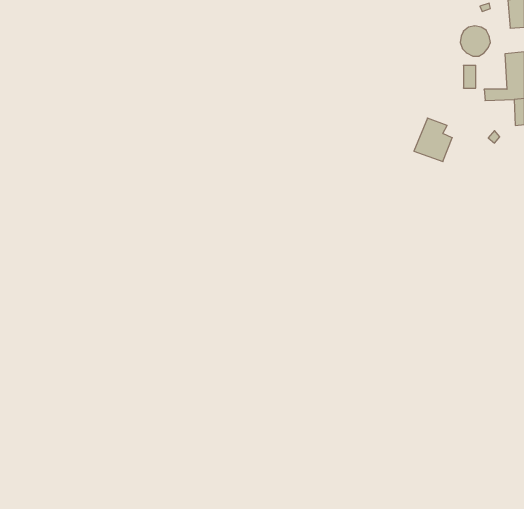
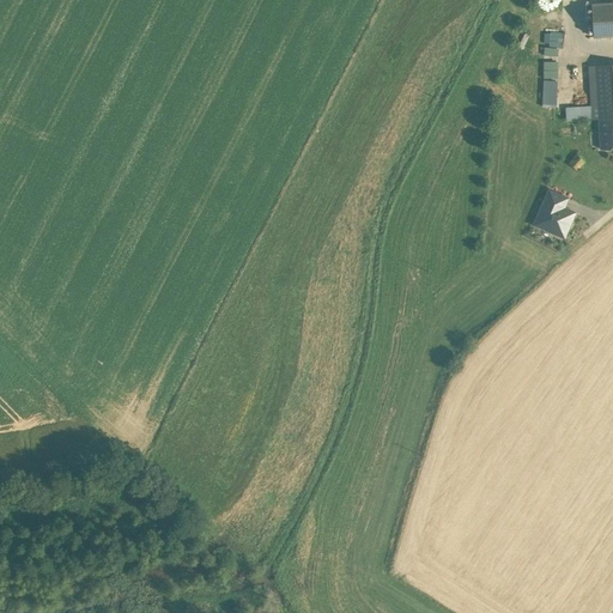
building: [414,118,452,162] -> [529,187,573,237]

